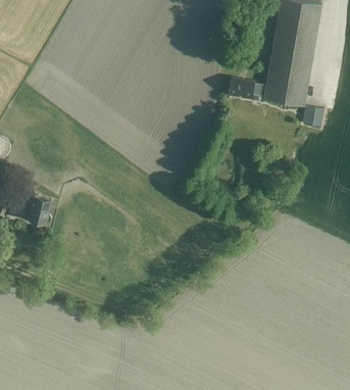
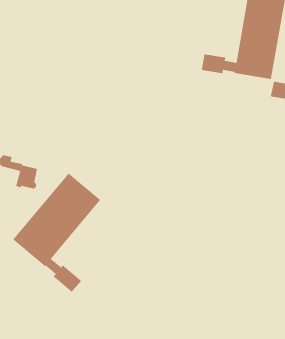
building: none -> [12,172,101,293]

